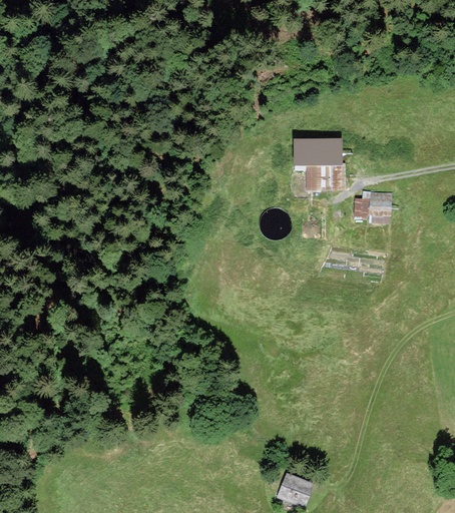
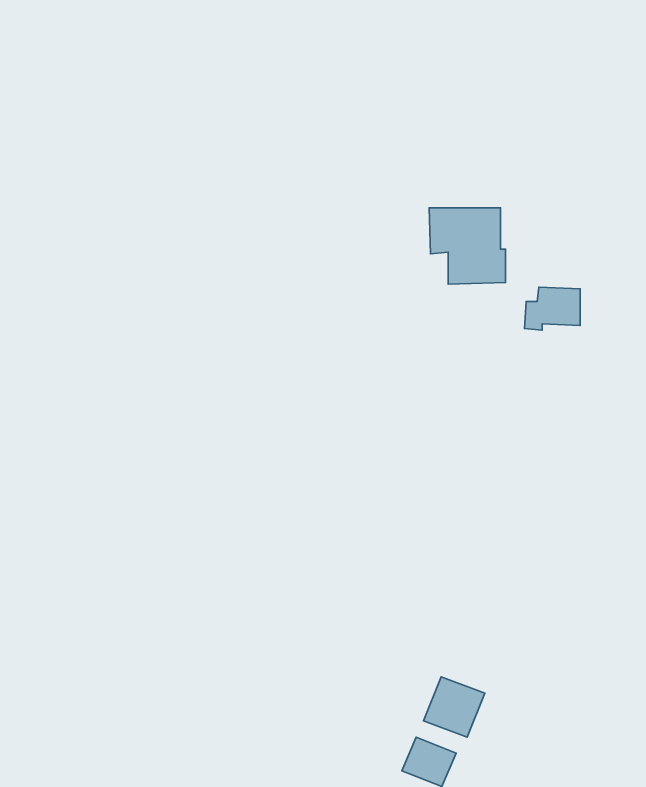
building: none -> [424,677,485,737]

